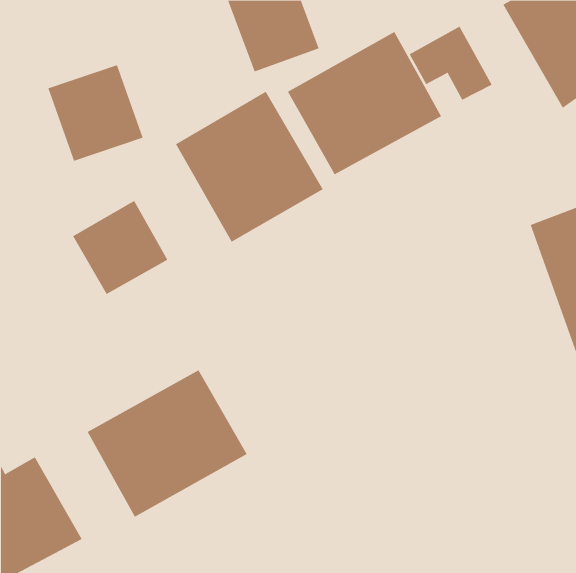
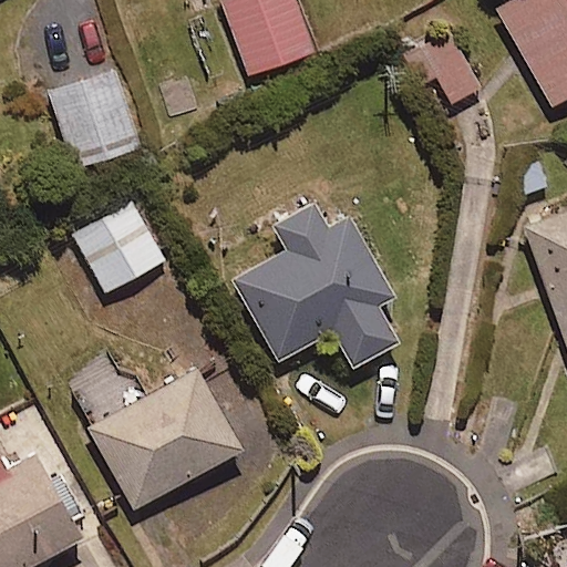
building: [287,31,442,175] -> none
building: [175,91,323,243] -> none
building: none -> [231,198,400,365]

